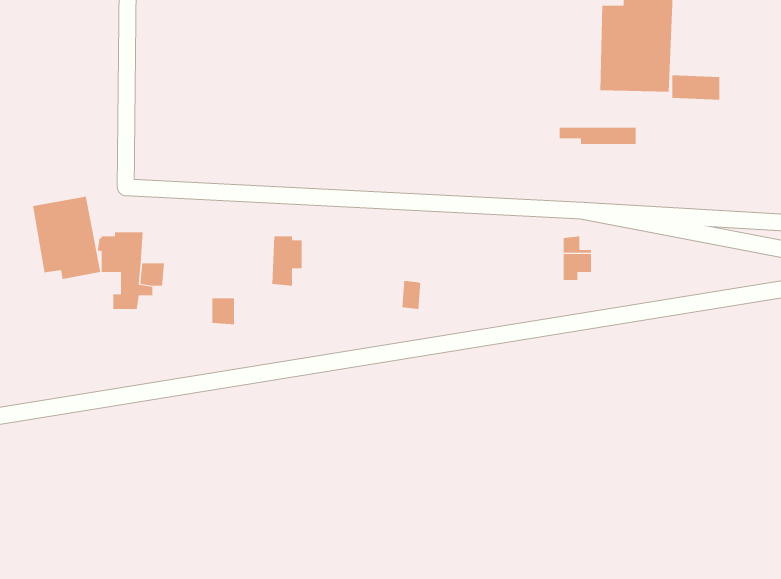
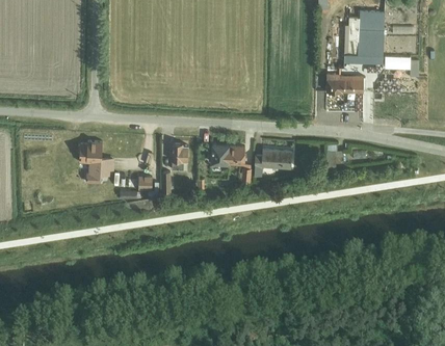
building: [33,196,101,280] -> none
building: none -> [211,143,244,164]
building: none -> [253,148,291,175]

